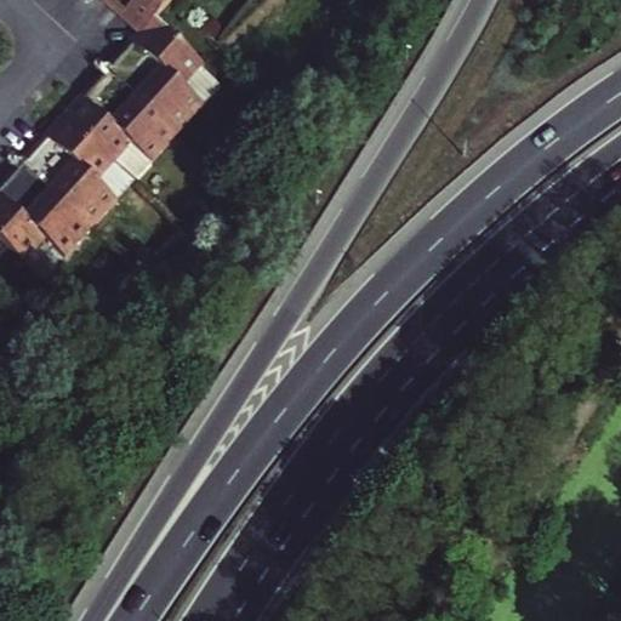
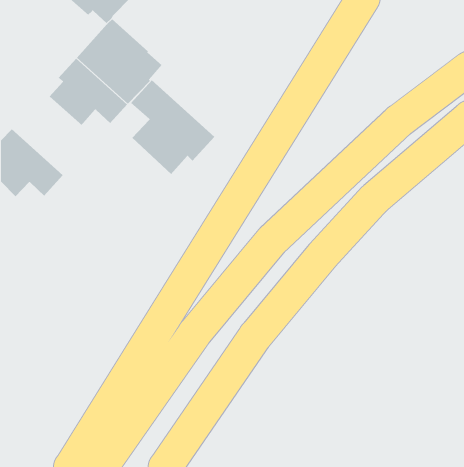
building: none -> [130,80,215,175]
building: [23,127,119,232] -> none

